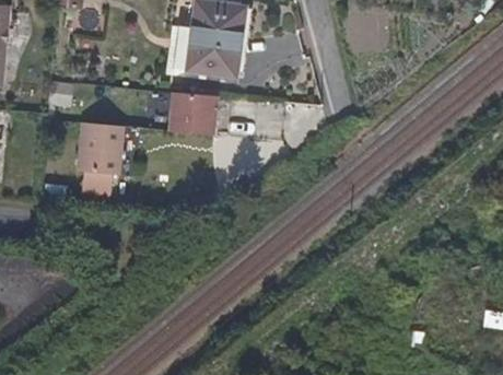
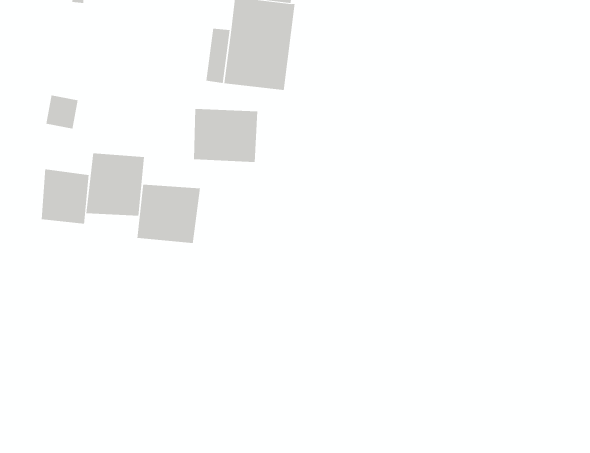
building: none -> [41,168,89,224]
building: none -> [137,184,200,244]

